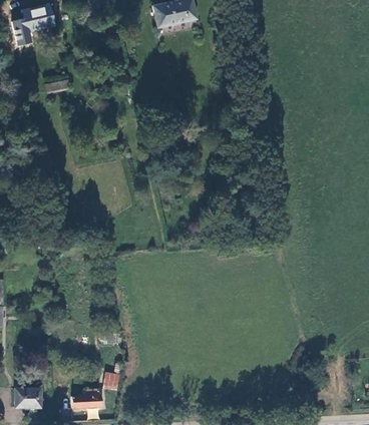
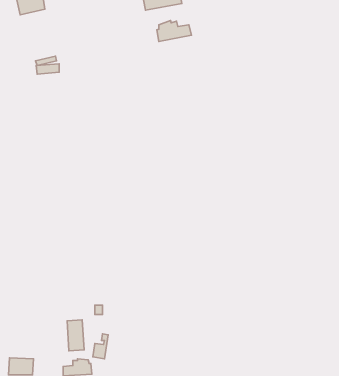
building: none -> [157,21,192,41]
building: none -> [67,320,84,351]

